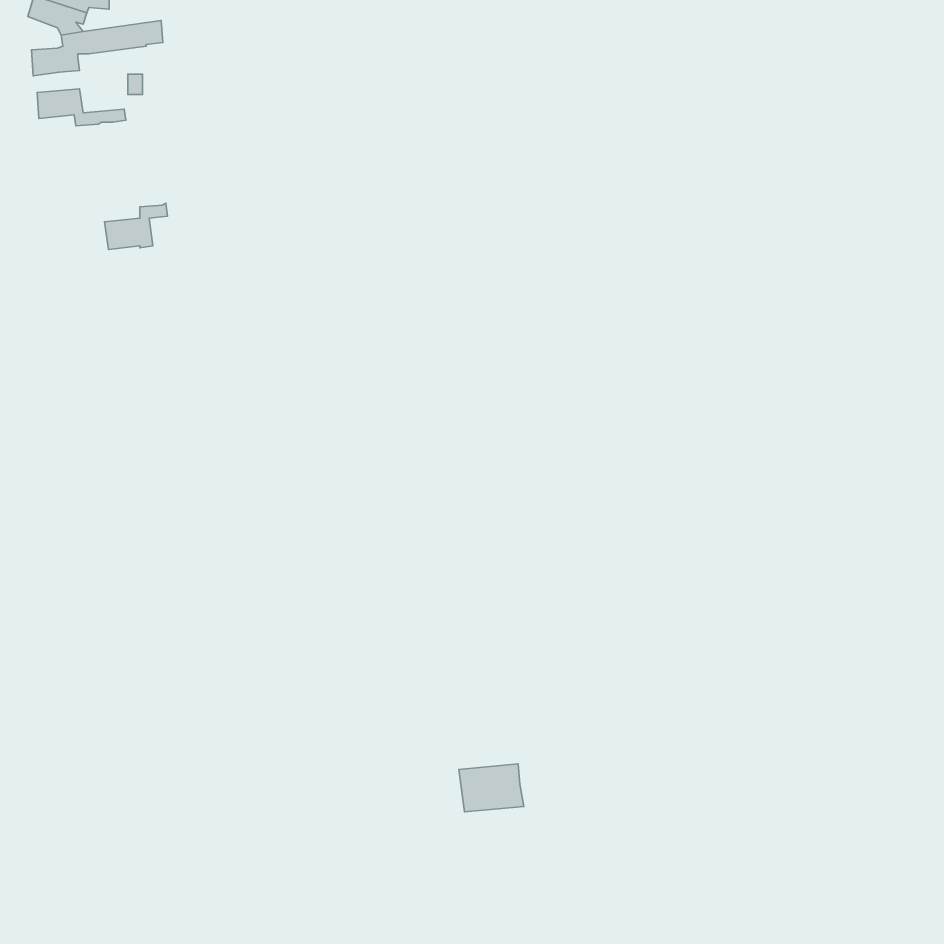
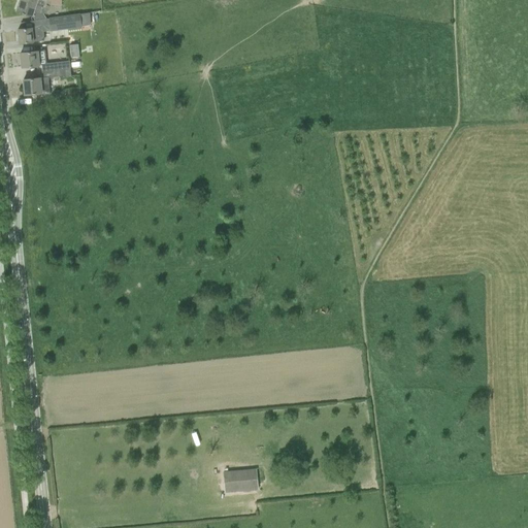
building: [105,203,168,250] -> [24,68,59,94]
building: [459,764,524,812] -> [222,467,258,494]

